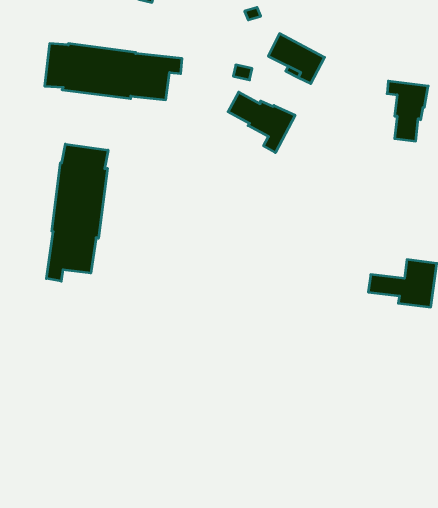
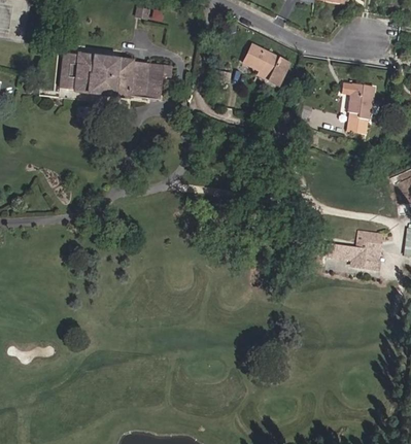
building: [228,92,295,153] -> none
building: [46,144,108,281] -> none

